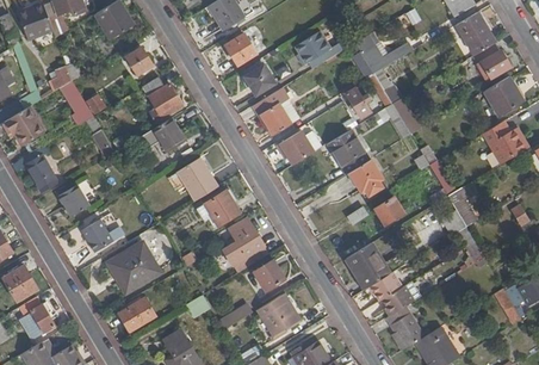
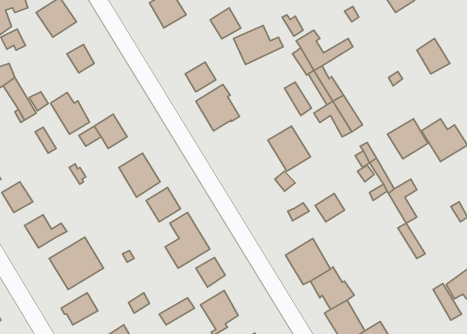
building: [444,10,495,62] -> none
building: [224,35,255,66] -> [210,8,241,39]
building: [142,76,181,118] -> [51,93,90,134]
building: [482,76,522,117] -> [388,119,428,159]
building: [277,131,314,166] -> none
building: [348,161,382,197] -> none

